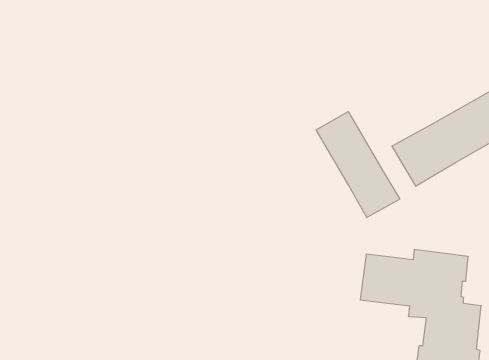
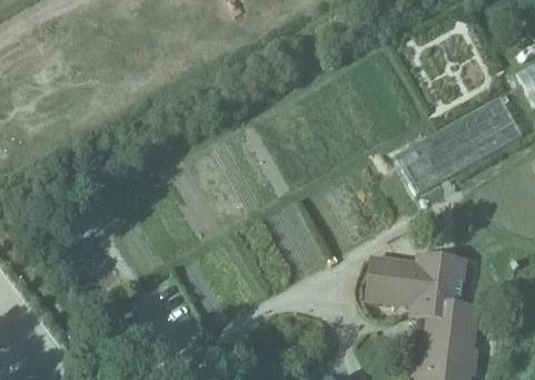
building: [316,112,400,218] -> none

